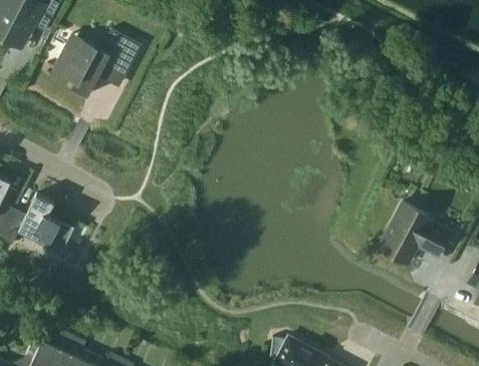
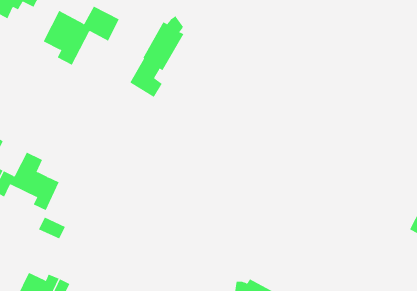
building: none -> [130,14,184,98]
building: [378,202,450,264] -> none

